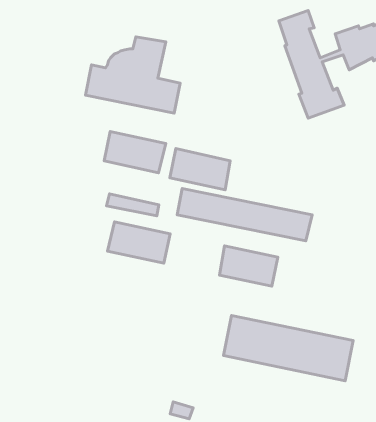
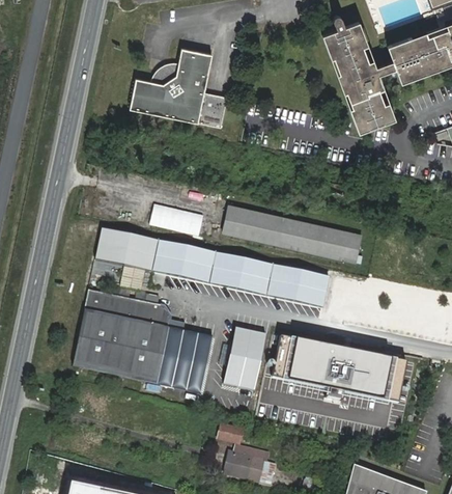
building: [104,132,166,173] -> [96,227,160,270]
building: [170,149,230,190] -> [210,252,273,295]
building: none -> [73,291,213,394]
building: none -> [224,327,267,390]

